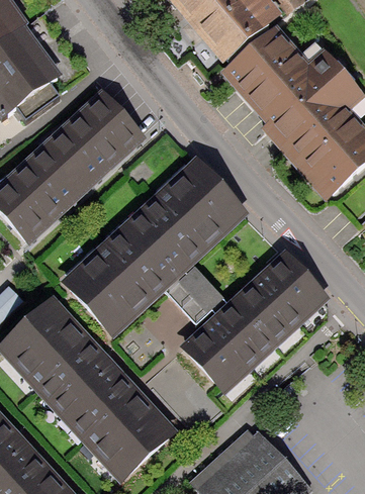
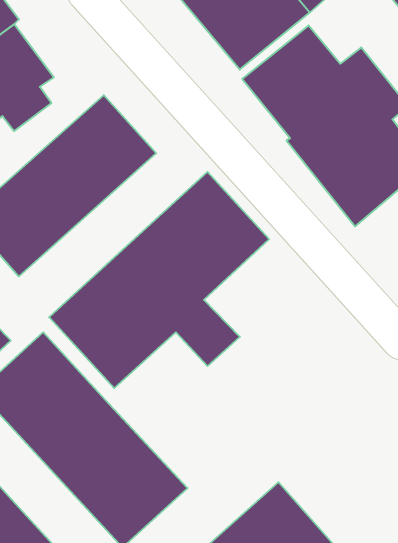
building: [181,249,332,393] -> none

